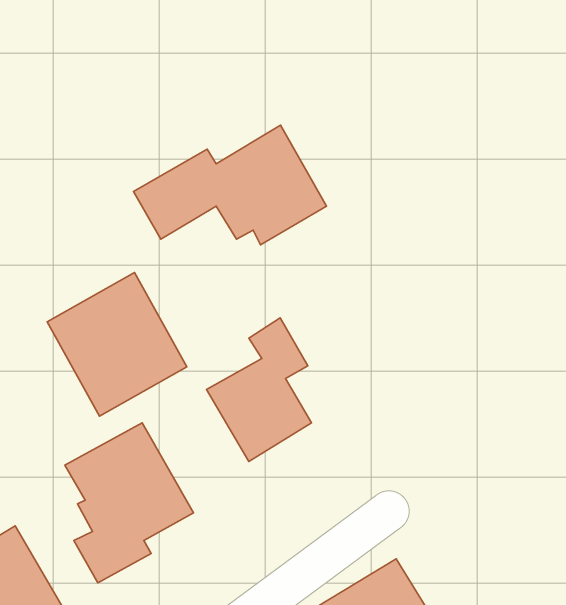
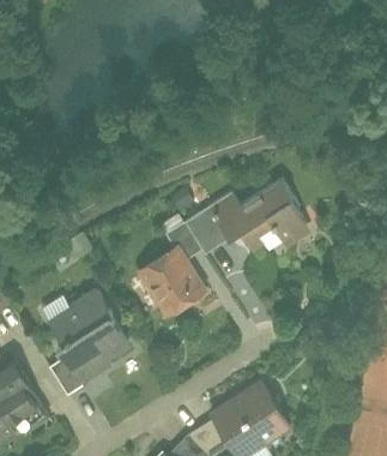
building: [133,125,327,245] -> [186,179,312,257]
building: [47,272,187,416] -> none

